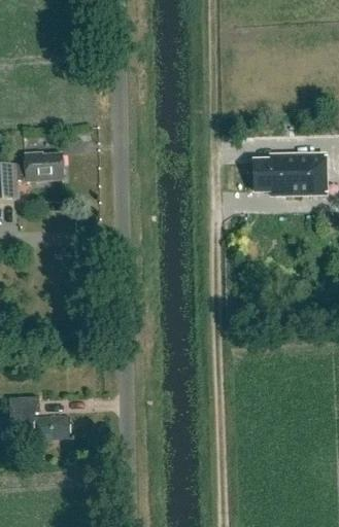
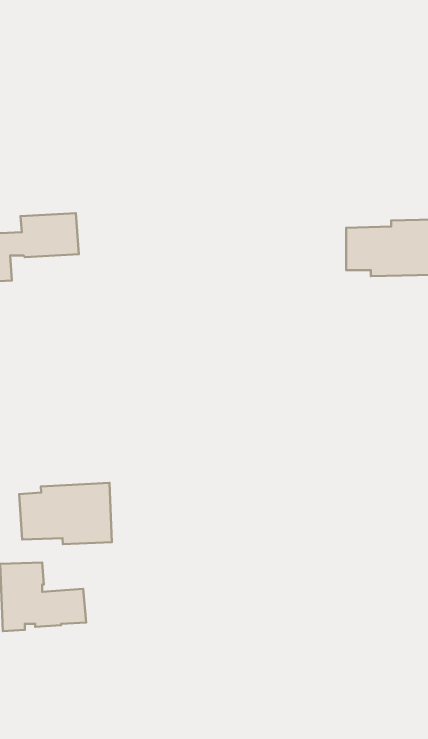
building: none -> [19,483,112,544]

